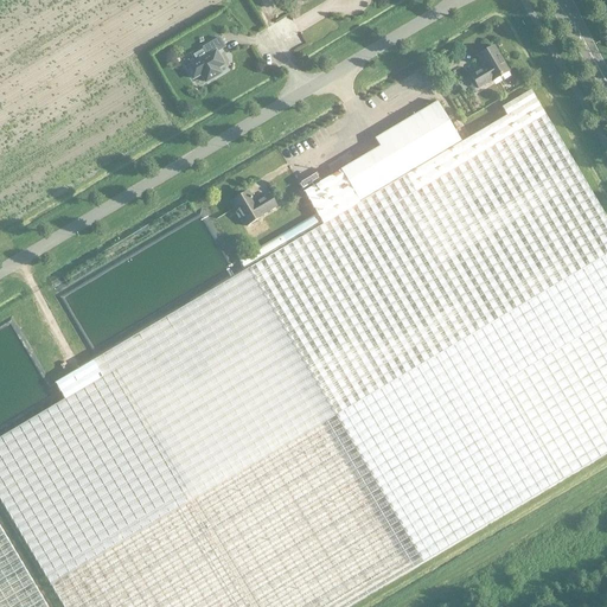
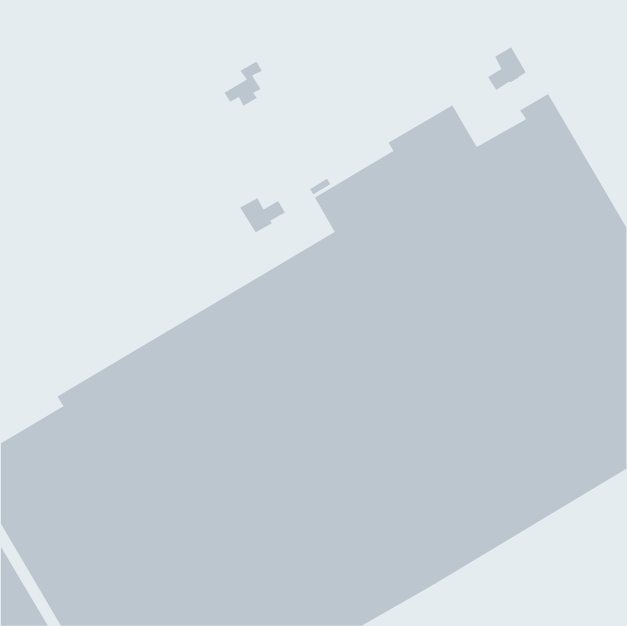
building: [187,37,225,81] -> [224,61,263,106]

